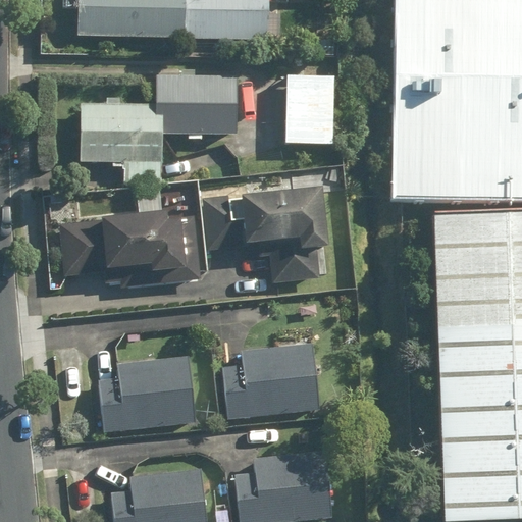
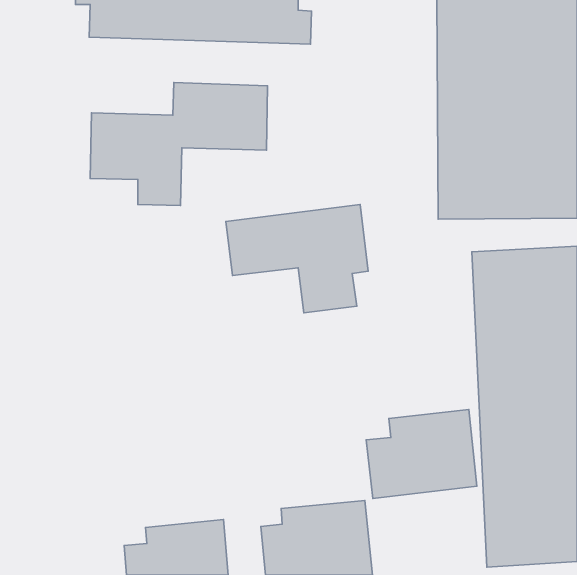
building: [288,74,338,144] -> none
building: [60,189,190,285] -> none
building: [221,341,321,421] -> [366,409,477,499]
building: [100,357,196,433] -> none

